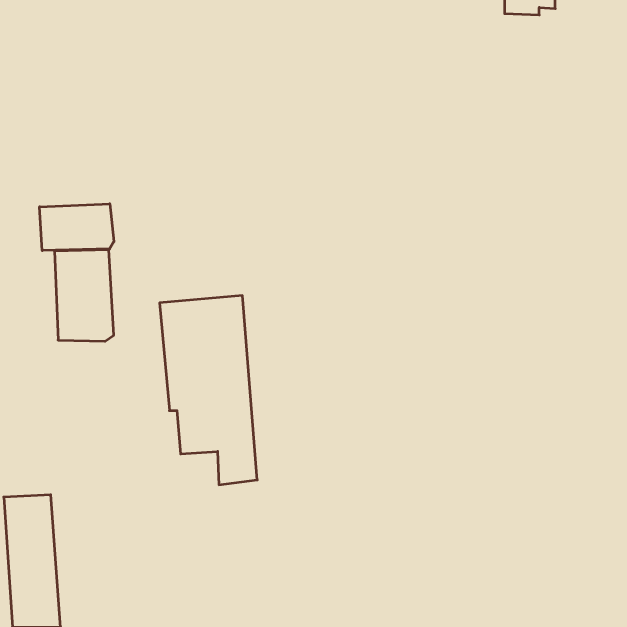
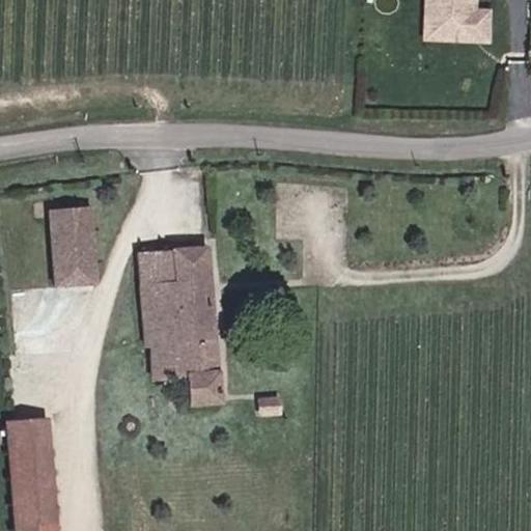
building: none -> [426,6,484,34]
building: [40,204,114,251] -> none

